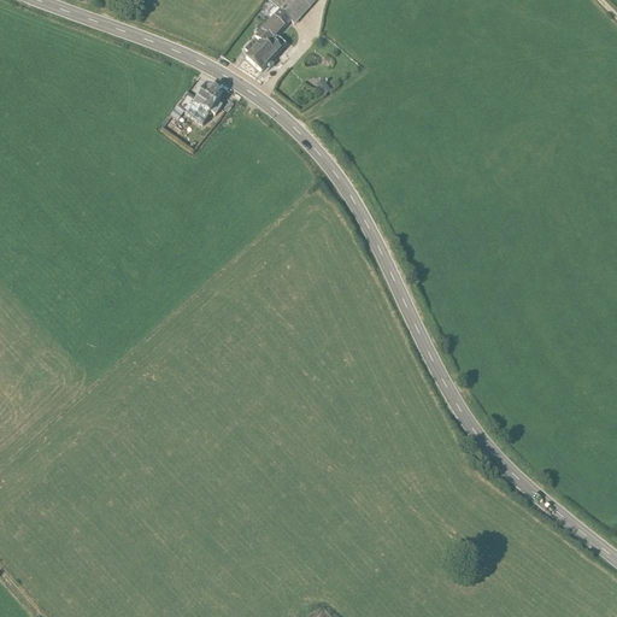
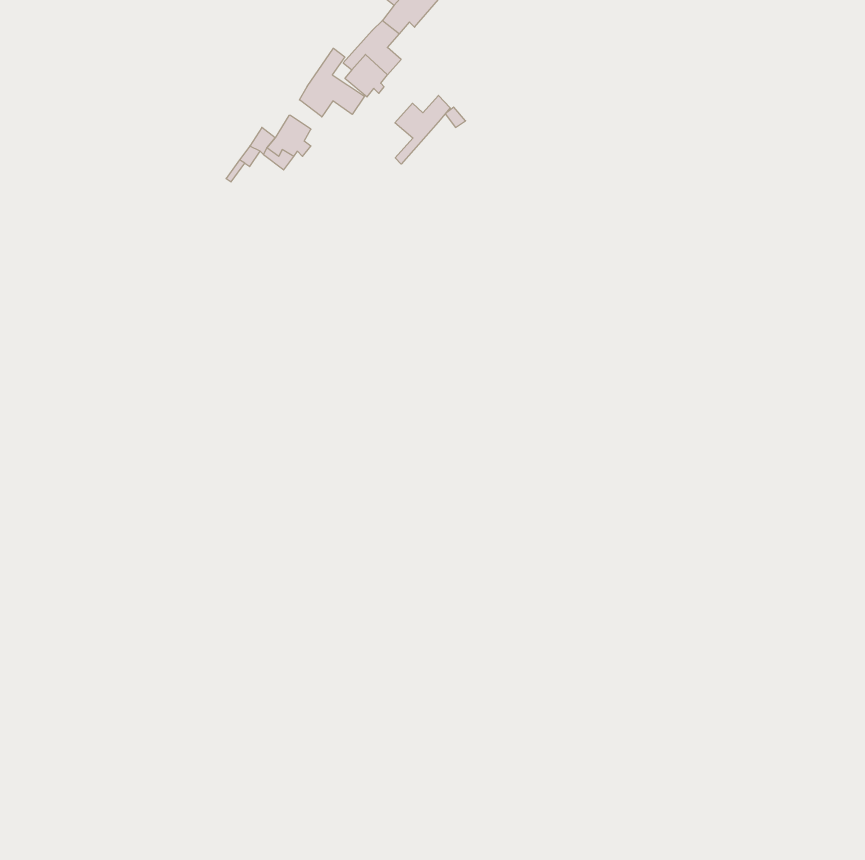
building: none -> [299,48,365,117]
building: none -> [395,95,450,164]

